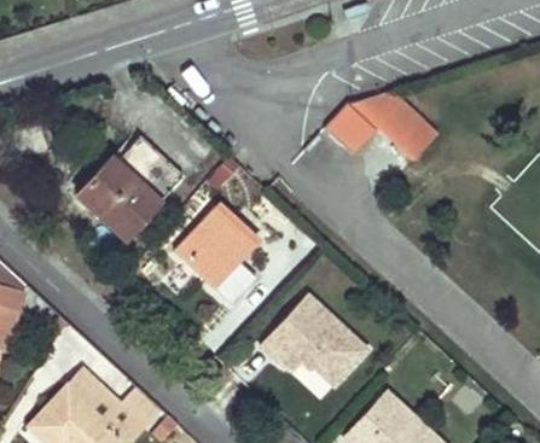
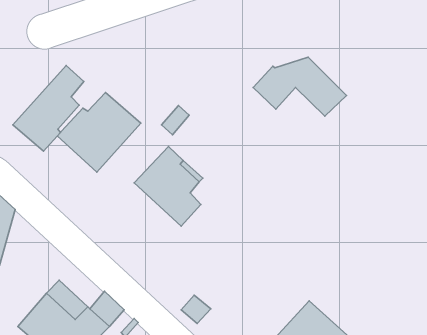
building: none -> [13,65,84,151]
building: [259,293,367,385] -> none

